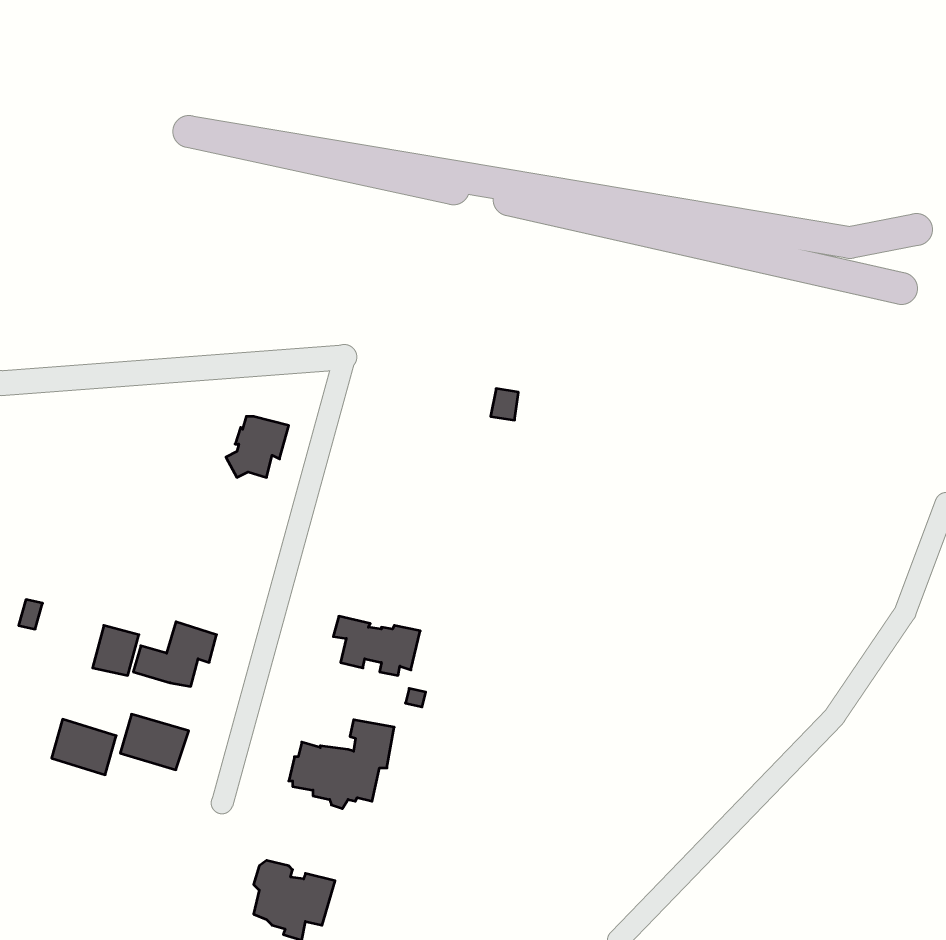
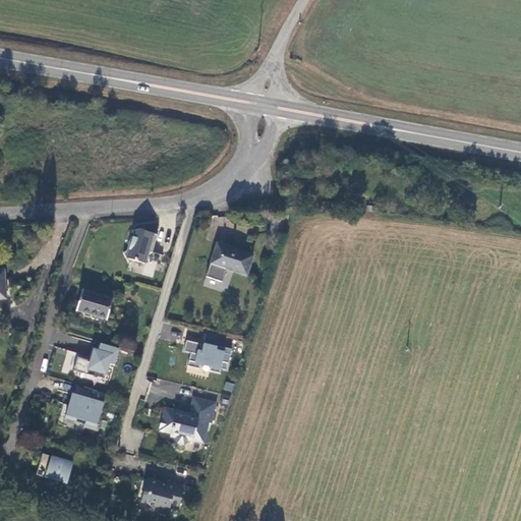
building: none -> [207,241,253,280]
building: none -> [77,288,114,319]
building: [52,719,116,775] -> [37,452,72,482]

